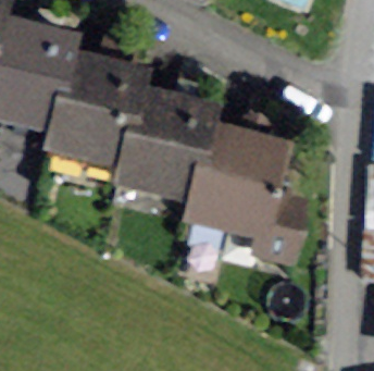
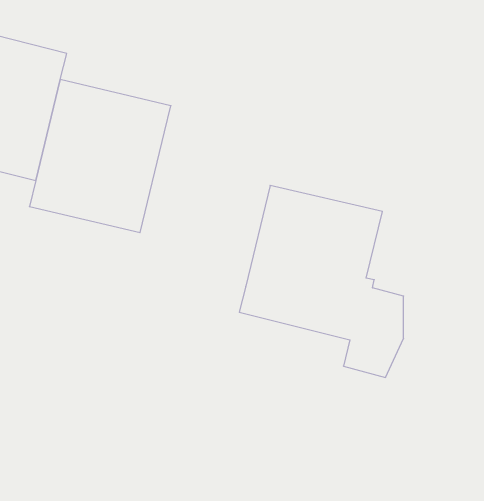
building: [117,94,211,197] -> none

